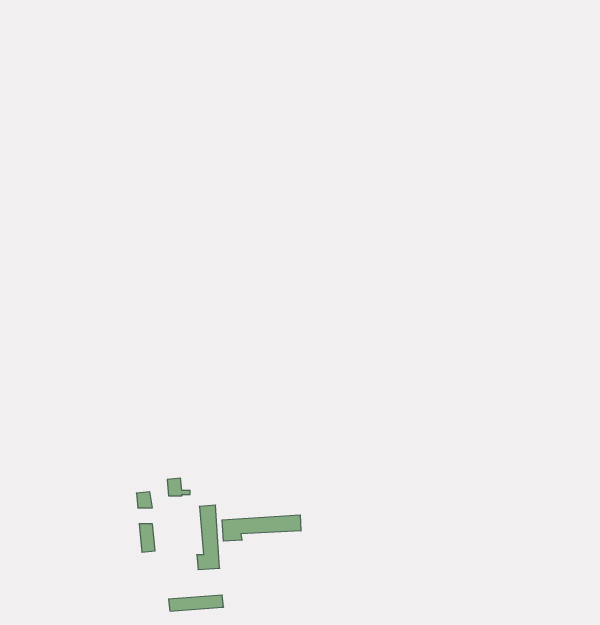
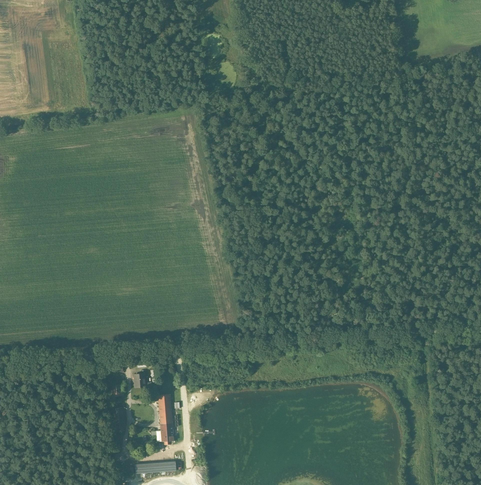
building: [222,515,301,541] -> none

